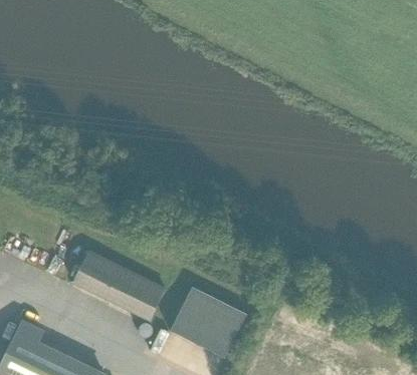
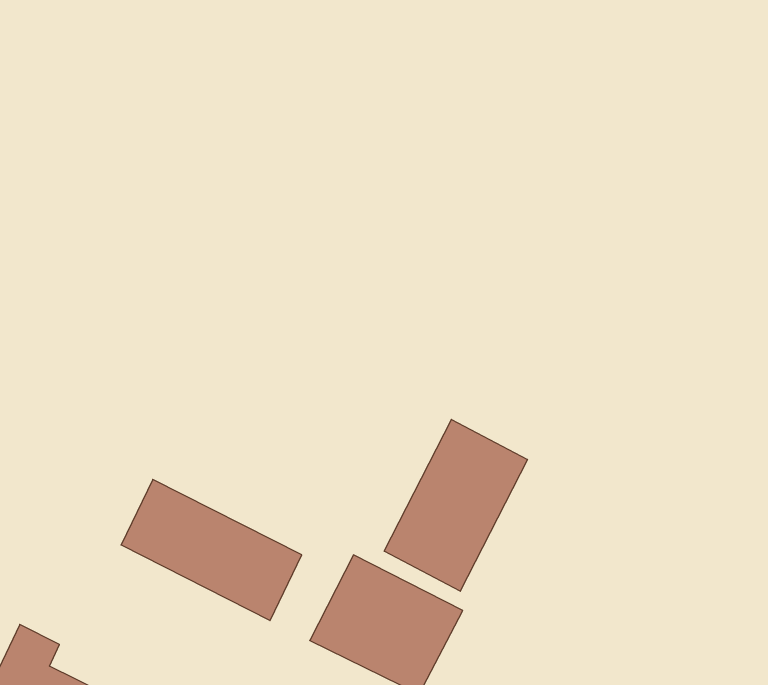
building: none -> [384,419,527,591]

